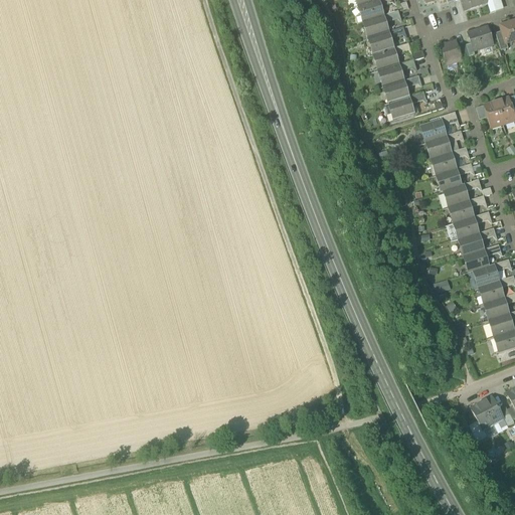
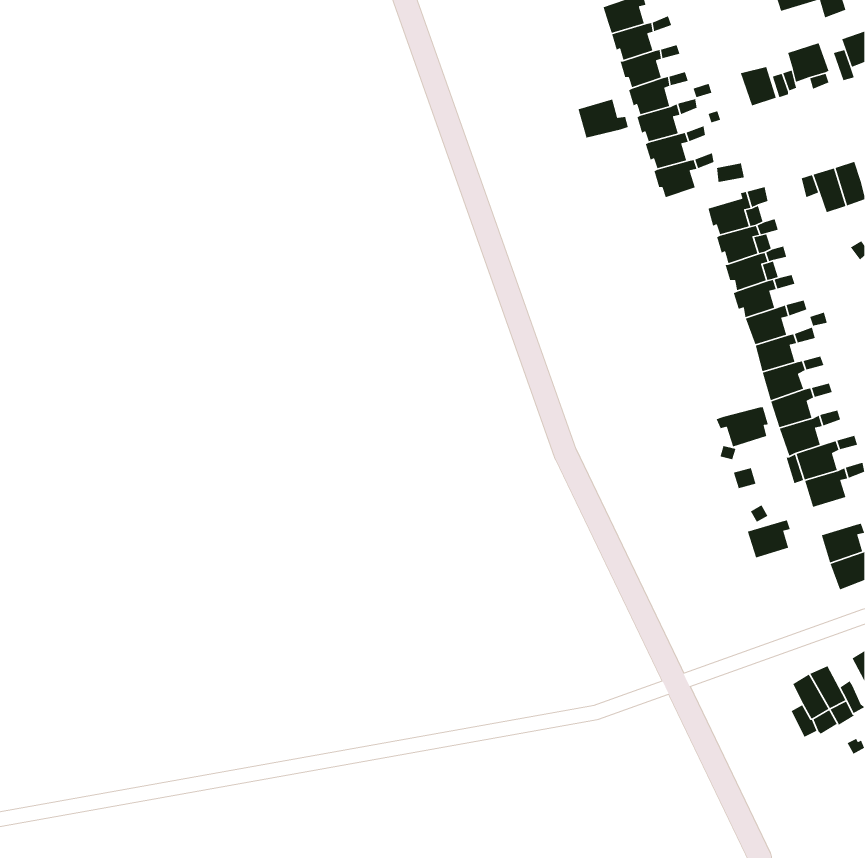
building: none -> [578,99,629,138]
building: none -> [716,406,769,447]
building: [483,295,509,318] -> [747,519,791,558]

